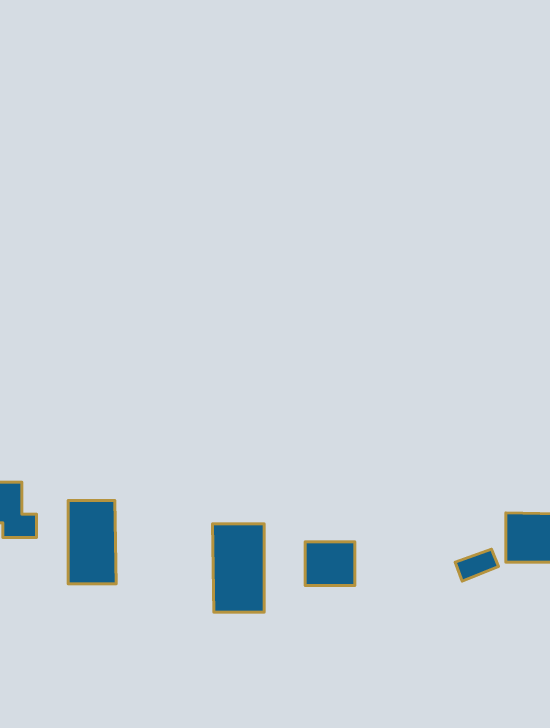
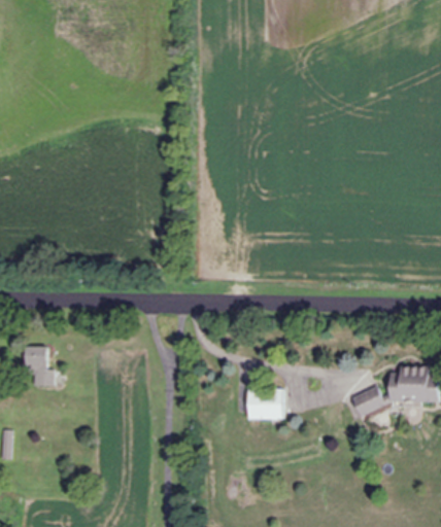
building: [68,501,116,584] -> none
building: [212,524,264,612] -> none

